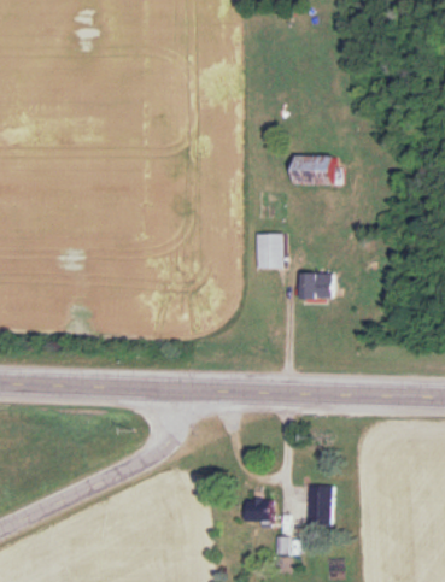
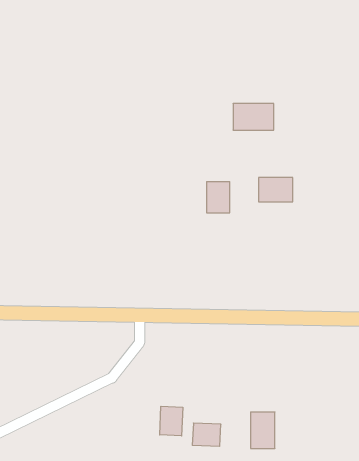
building: [299,274,336,300] -> [259,178,293,202]
building: none -> [160,406,183,436]

